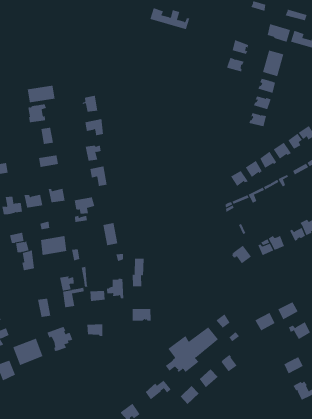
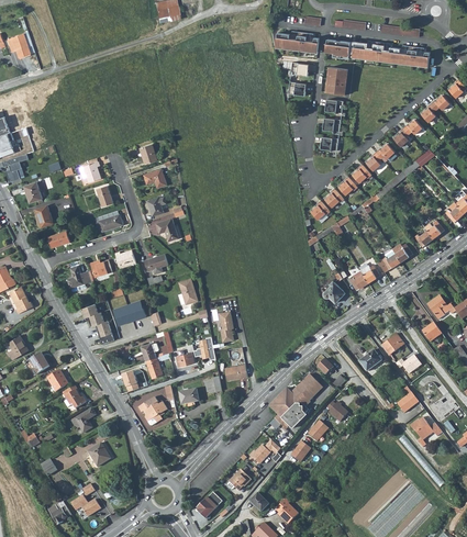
building: [149,8,190,30] -> [275,31,319,51]
building: [27,85,55,103] -> none
building: [13,338,43,366] -> none

